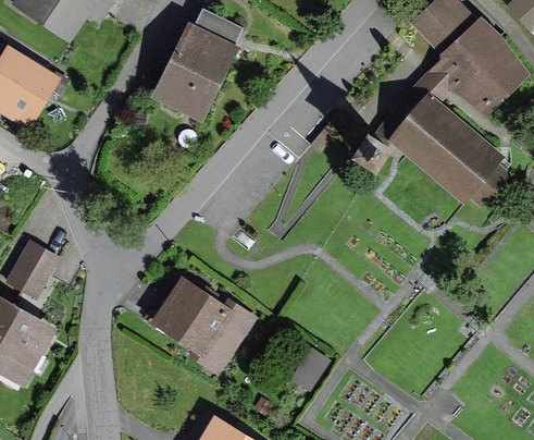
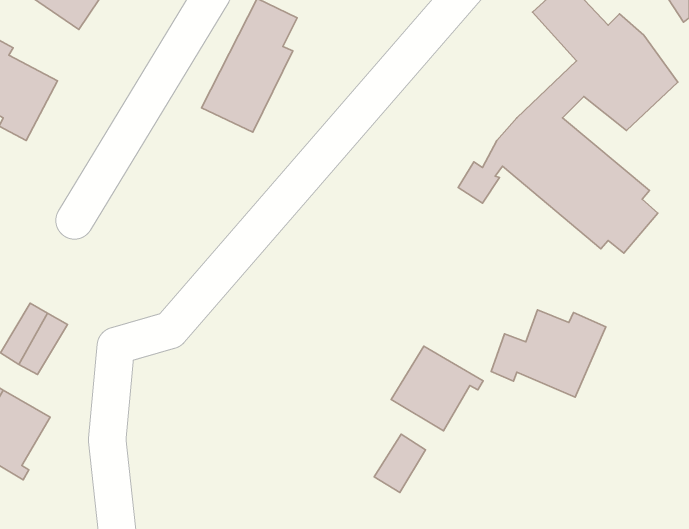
building: none -> [491,310,606,397]
building: none -> [391,346,483,431]
building: [158,282,253,370] -> none

